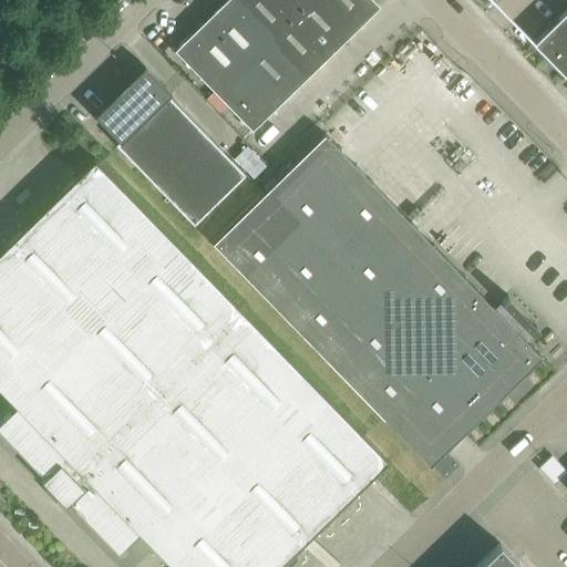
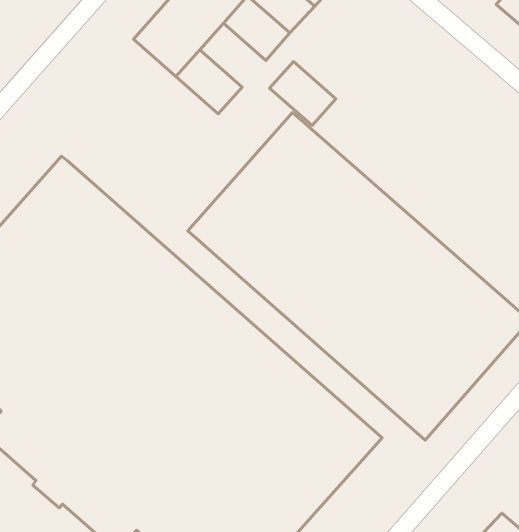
building: [239,43,303,107] -> [270,61,336,125]
building: [95,68,246,226] -> none

